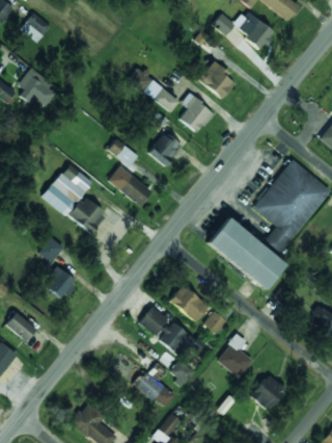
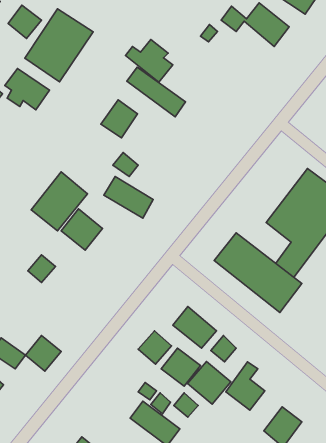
building: none -> [25,9,93,82]
building: [192,60,234,99] -> [125,39,173,82]
building: [179,93,213,132] -> none
building: [148,132,182,166] -> [101,100,138,138]
building: [45,267,77,299] -> [25,335,61,371]
building: none -> [187,361,231,404]

